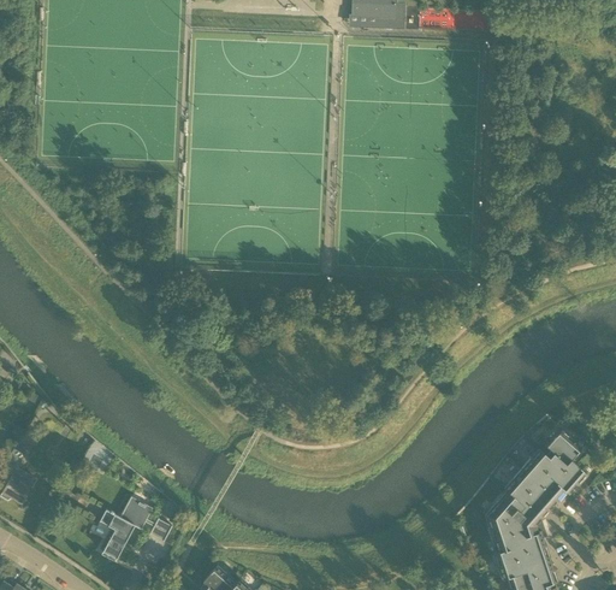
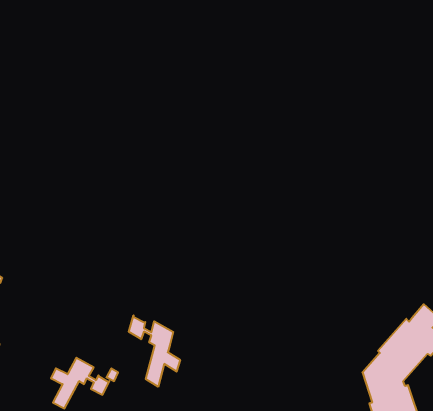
building: none -> [129,315,180,387]

